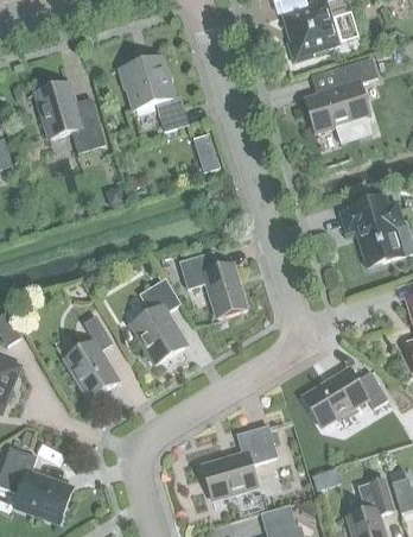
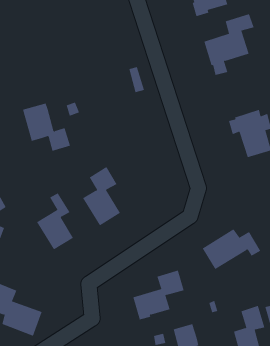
building: [117,55,189,132] -> none
building: [34,82,104,152] -> [22,103,71,151]
building: [178,251,246,317] -> none

